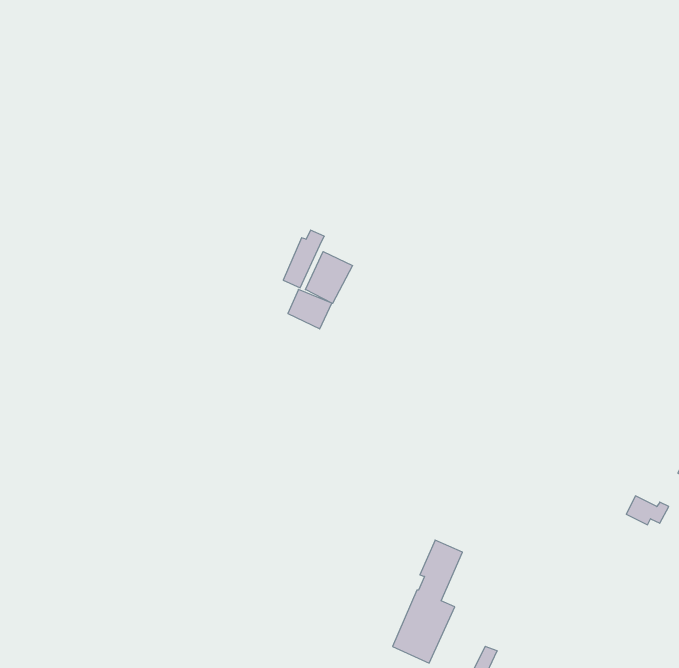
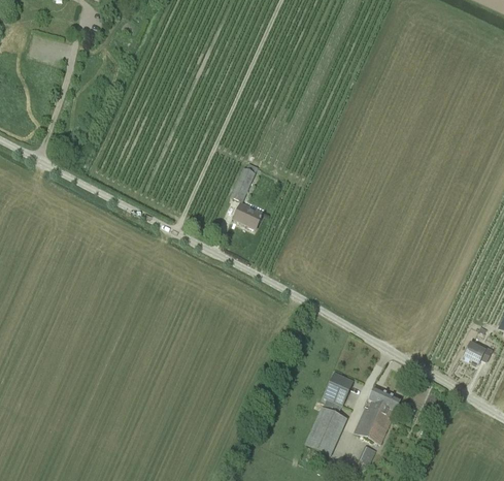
building: [305,252,353,303] -> none
building: none -> [355,385,401,442]

